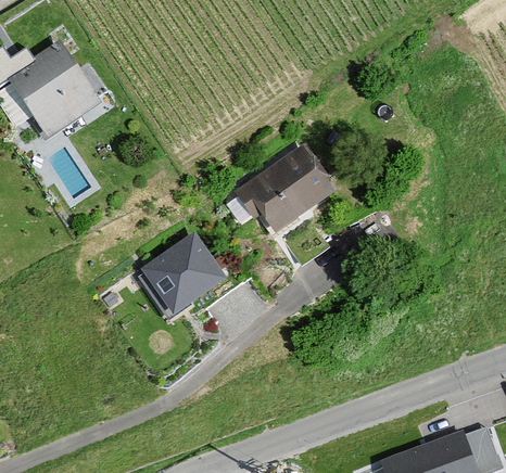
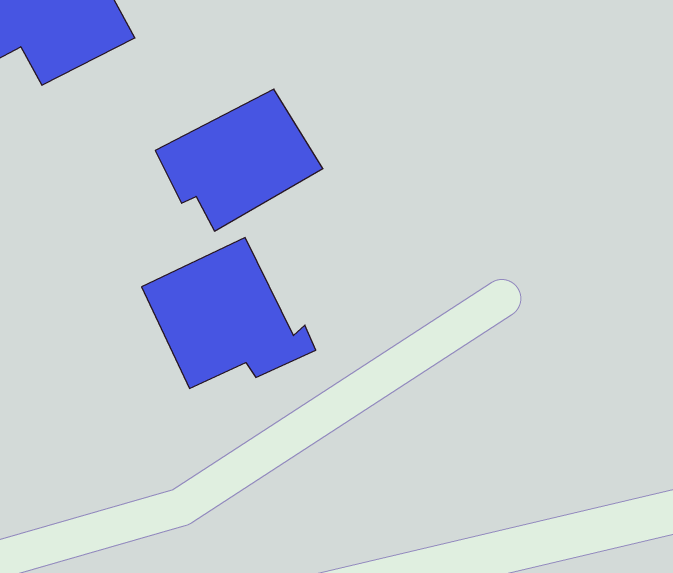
building: [232,141,340,235] -> [155,89,323,231]

